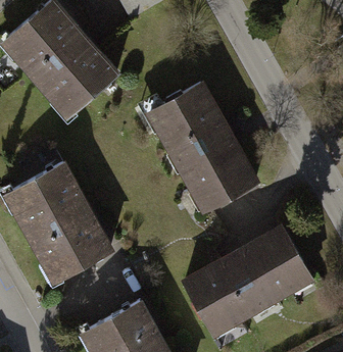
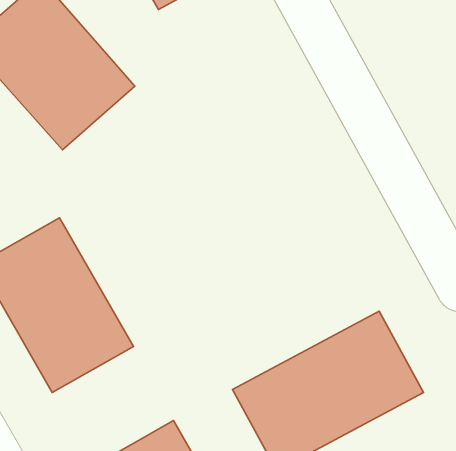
building: [147,86,256,214] -> none

